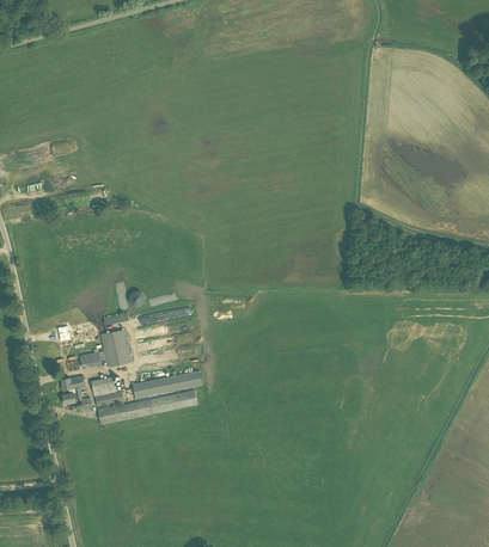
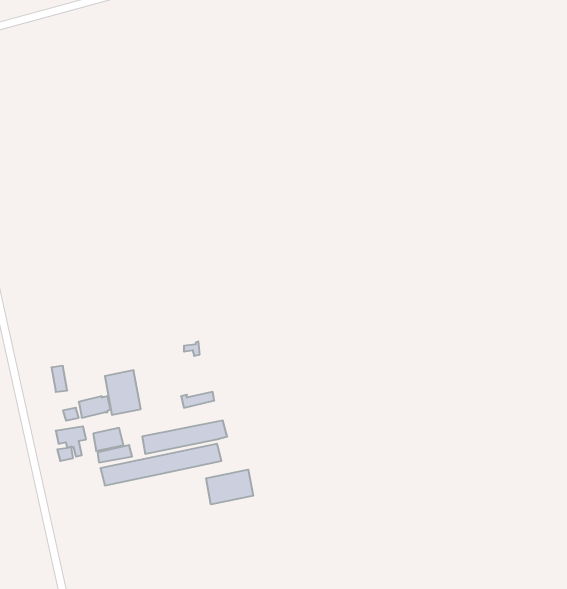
building: none -> [206,470,253,504]

